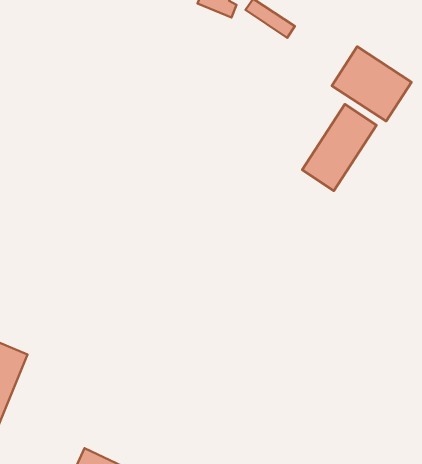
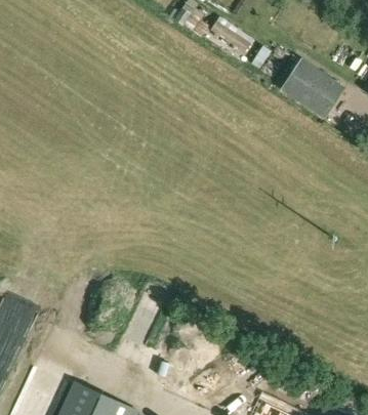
building: [302,104,377,191] -> none

